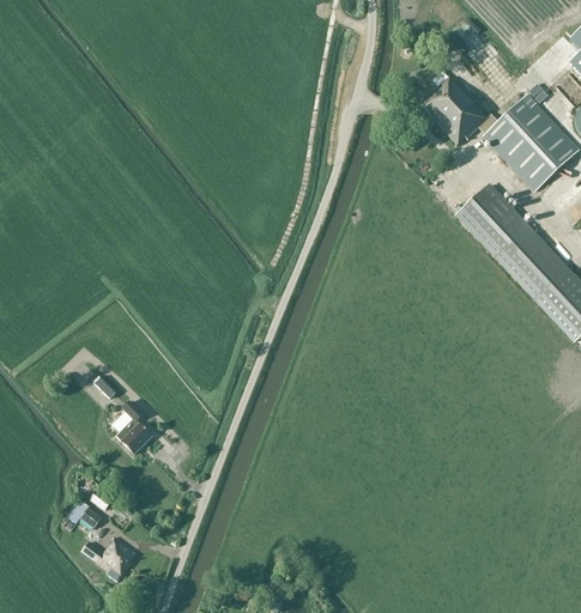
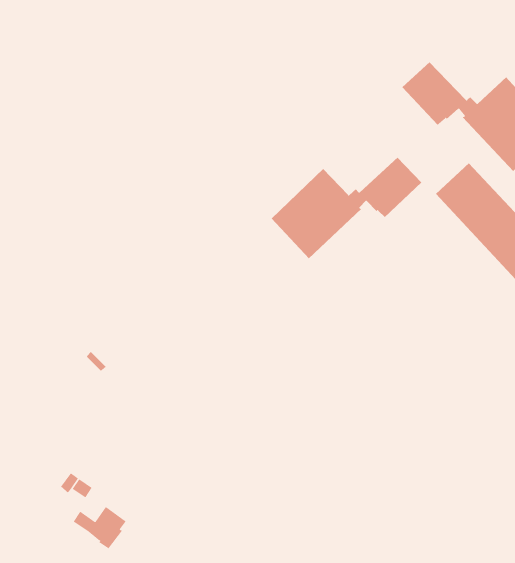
building: none -> [271,157,422,259]
building: [116,400,152,454] -> none

